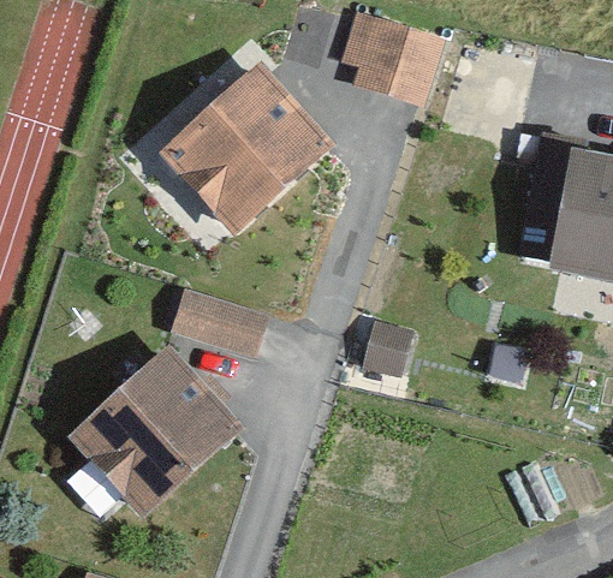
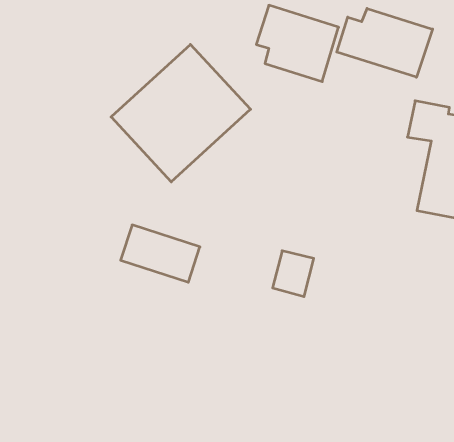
building: none -> [337,8,433,77]
building: [67,345,242,518] -> none

